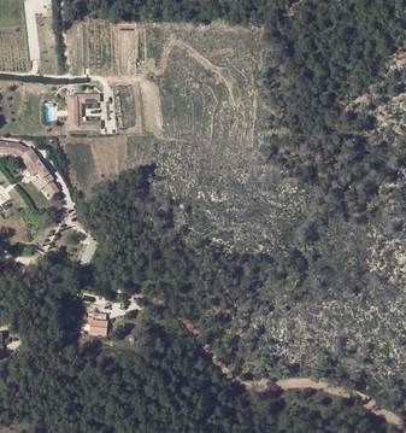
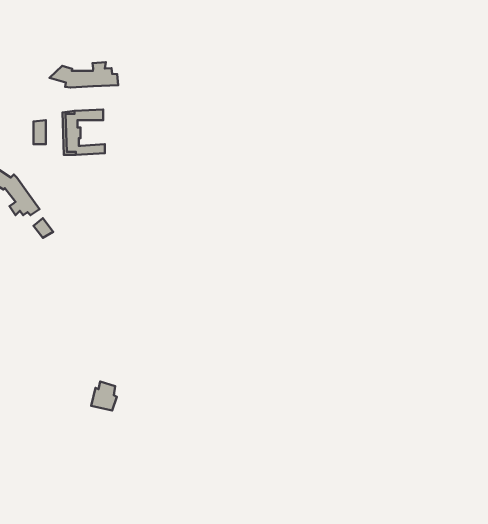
building: none -> [50,62,118,87]

